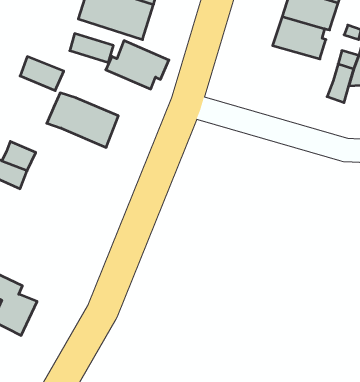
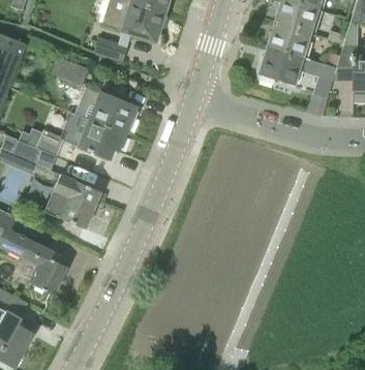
building: [106,41,169,89] -> [70,118,124,159]
building: none -> [257,48,310,86]
building: none -> [43,173,100,228]

